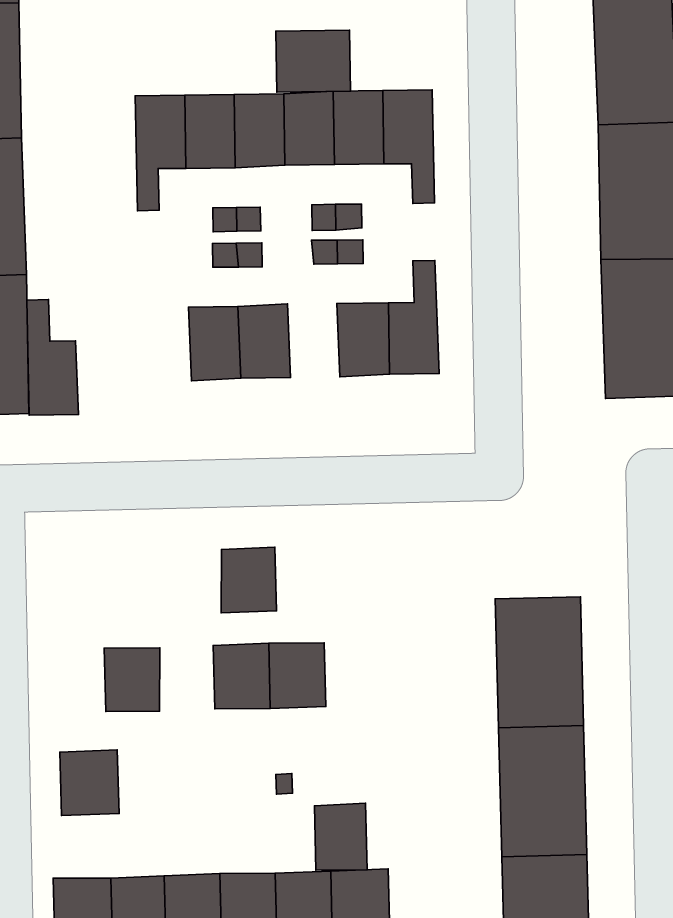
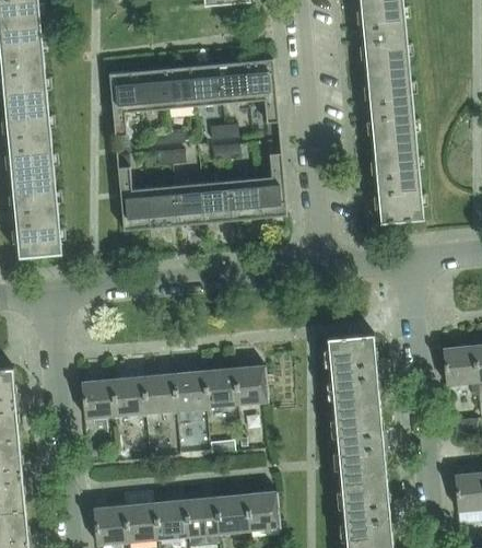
building: [276,30,350,92] -> none
building: [27,300,79,415] -> [117,166,150,231]
building: none -> [200,180,232,223]
building: [221,547,277,613] -> [142,374,175,412]
building: none -> [233,365,268,404]
building: [60,750,119,816] -> [80,380,115,418]
building: [314,803,367,870] -> none

